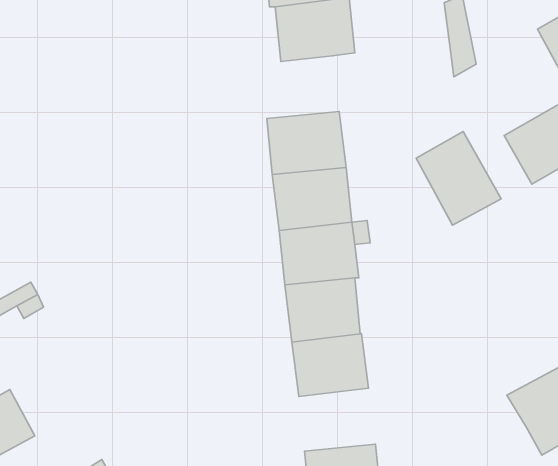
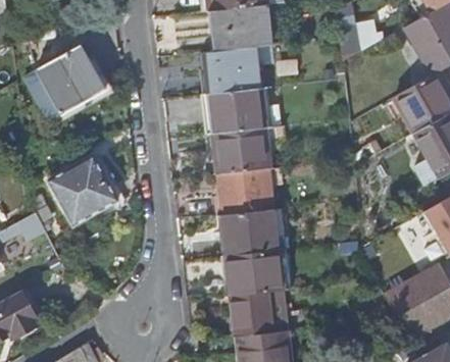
building: none -> [36,45,104,113]
building: none -> [202,46,260,92]
building: [416,132,501,225] -> none
building: none -> [48,155,116,223]
building: none -> [231,289,287,334]

